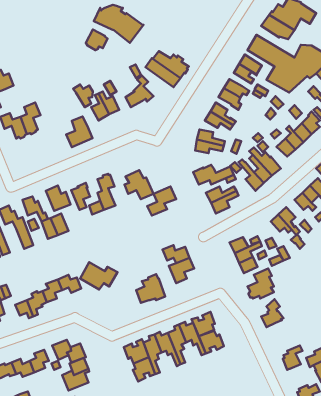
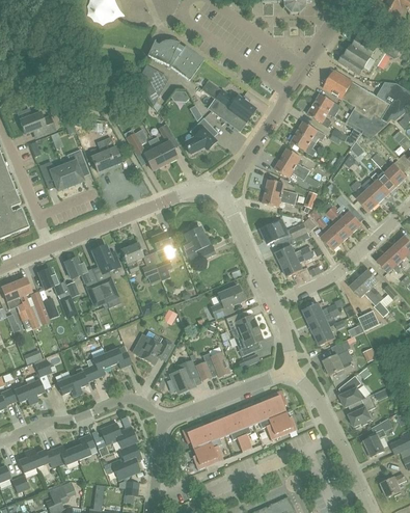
building: [66,116,92,147] -> [90,136,120,171]
building: [147,186,176,215] -> [210,285,243,318]
building: none -> [169,359,198,393]
building: none -> [348,394,376,426]

